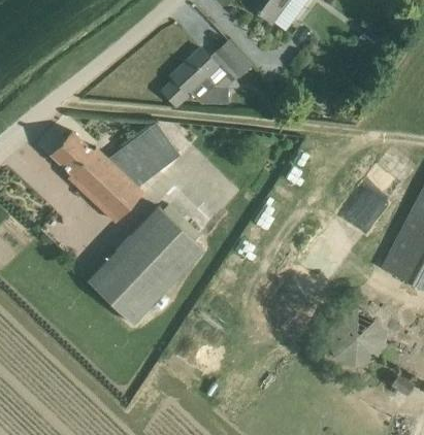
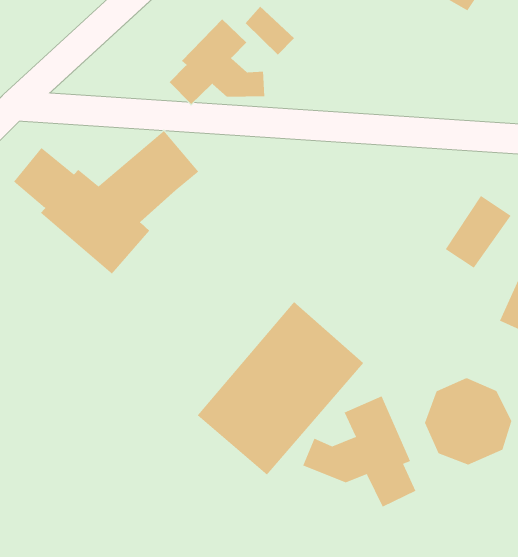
building: [87,205,204,325] -> [197,301,364,475]
building: none -> [303,396,416,507]

